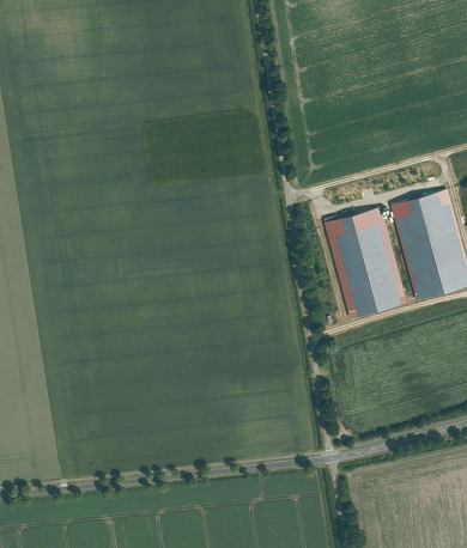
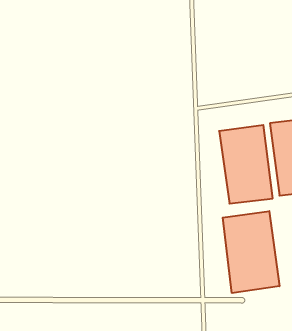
building: none -> [223,211,279,293]

